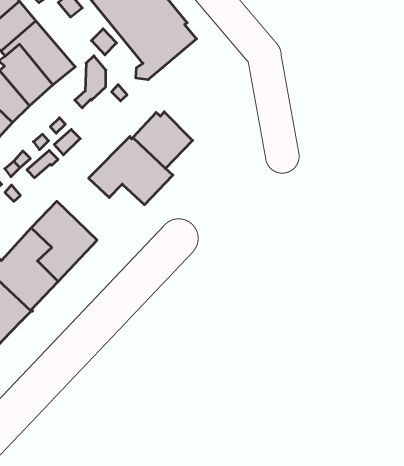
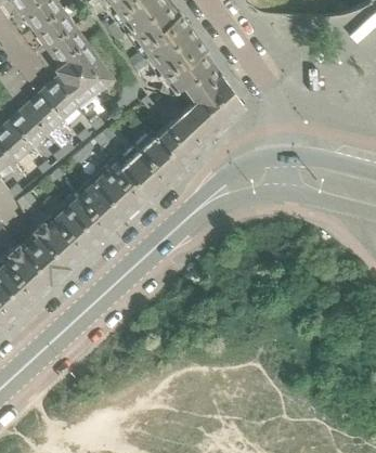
building: none -> [181,64,243,143]
building: none -> [92,163,160,216]

